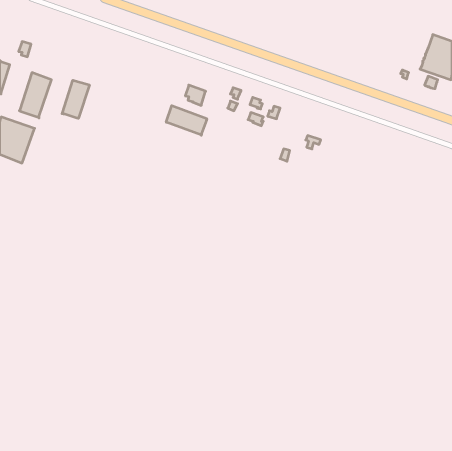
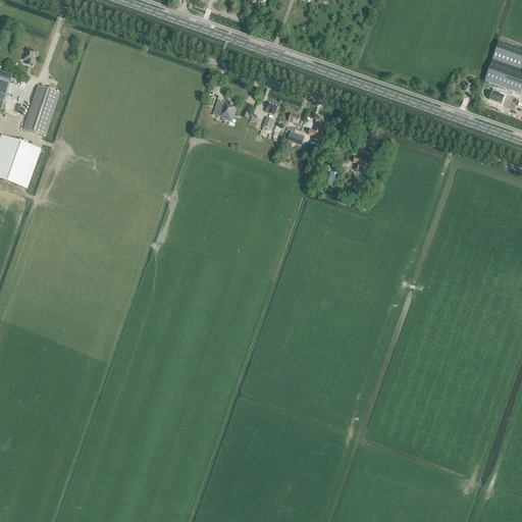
building: [62,80,89,118] -> none
building: [166,106,207,135] -> none

